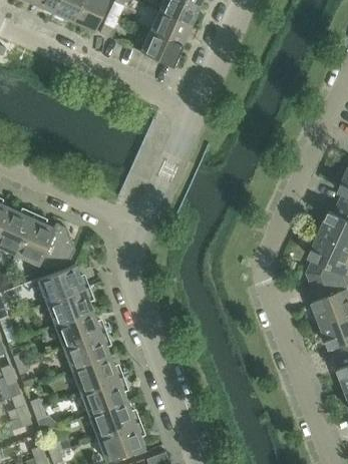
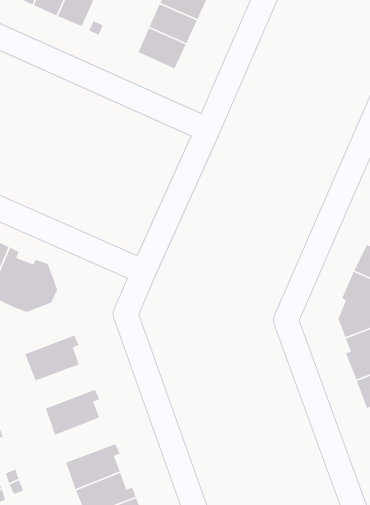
building: [37,265,88,302] -> none
building: [55,311,105,347] -> none
building: [71,355,122,392] -> none

